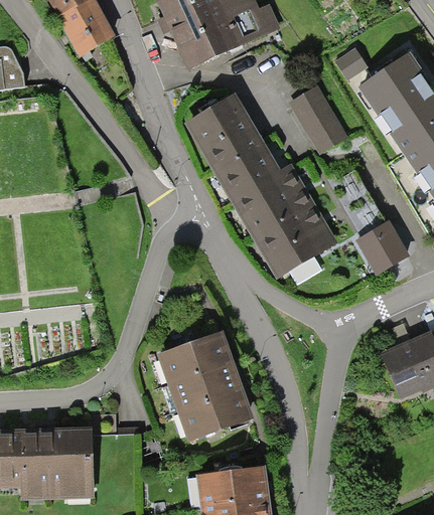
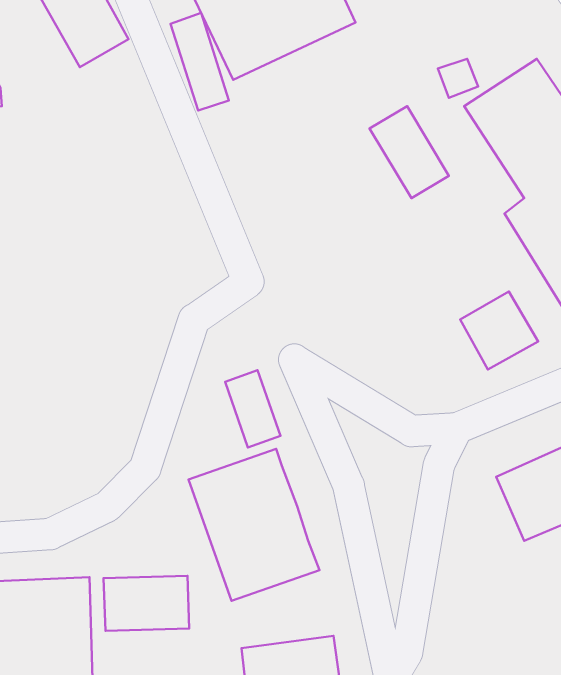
building: [185,92,337,285] -> none
building: none -> [225,370,281,448]
building: none -> [104,576,189,631]

